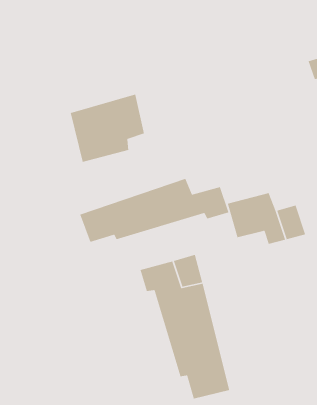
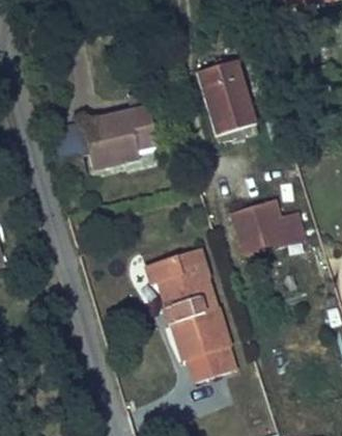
building: none -> [196,57,255,131]
building: [79,178,229,243] -> none

